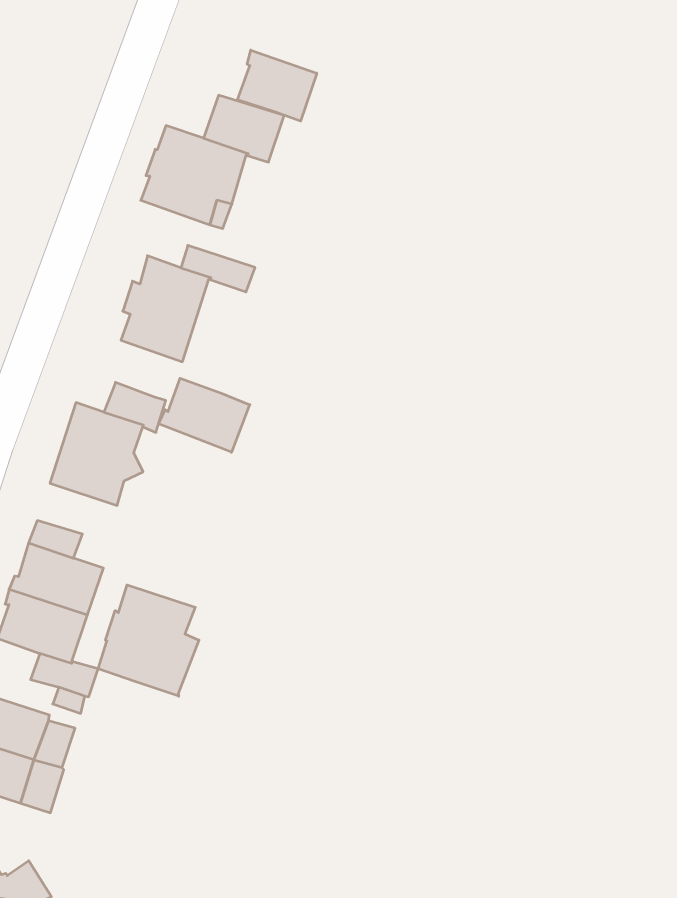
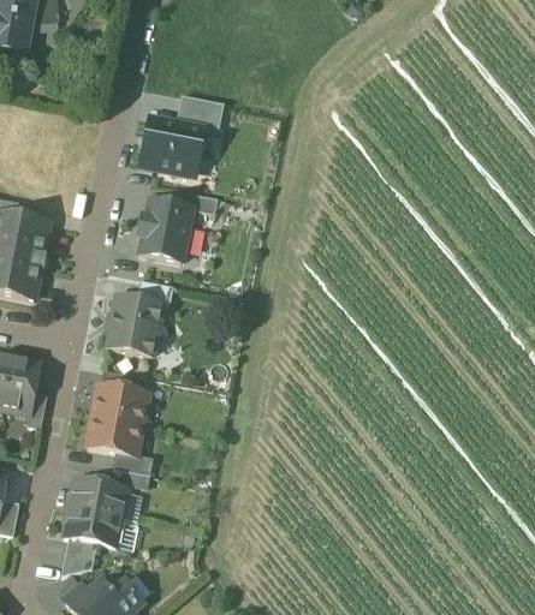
building: [237,50,317,121] -> none
building: [159,378,250,452] -> none
building: [98,585,199,696] -> none

